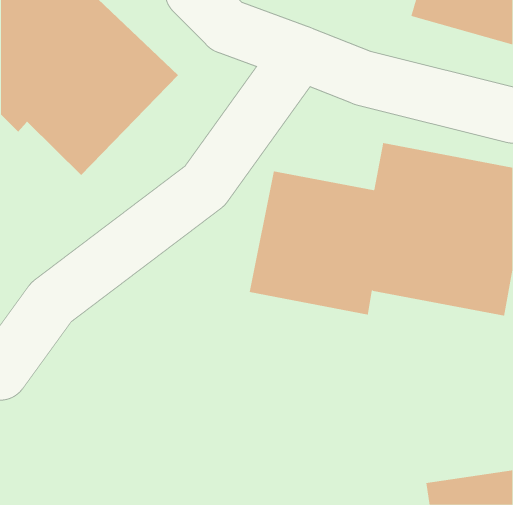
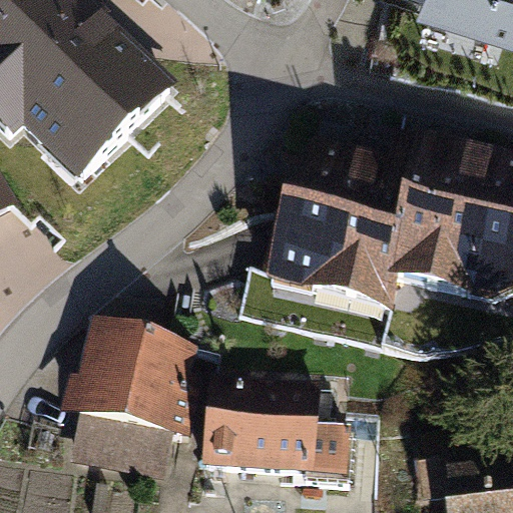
building: none -> [67,327,197,450]
building: none -> [192,385,353,490]

